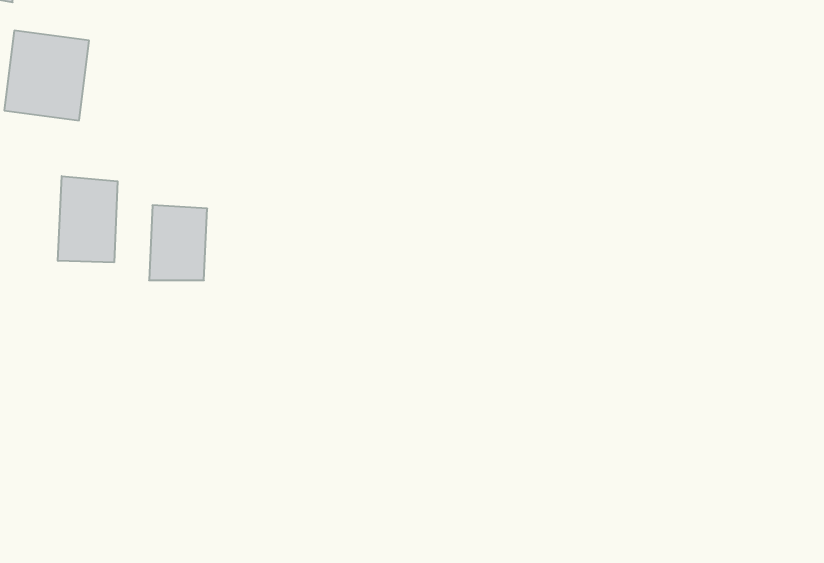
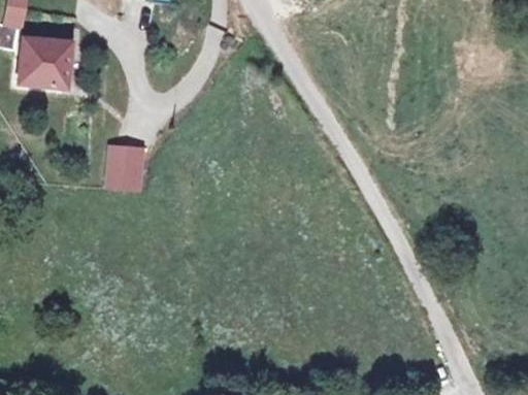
building: [58,176,118,262] -> none

